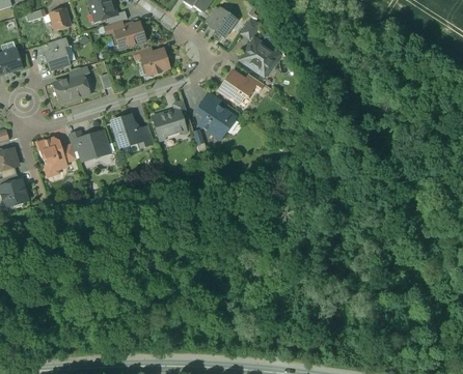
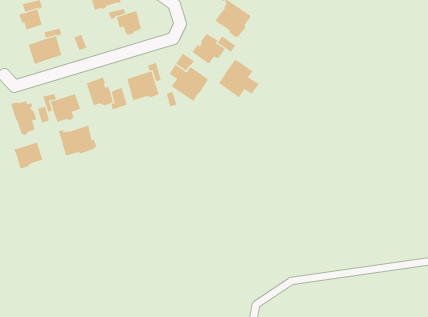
building: none -> [218,59,260,98]
building: none -> [58,125,97,156]
building: none -> [14,142,43,169]

